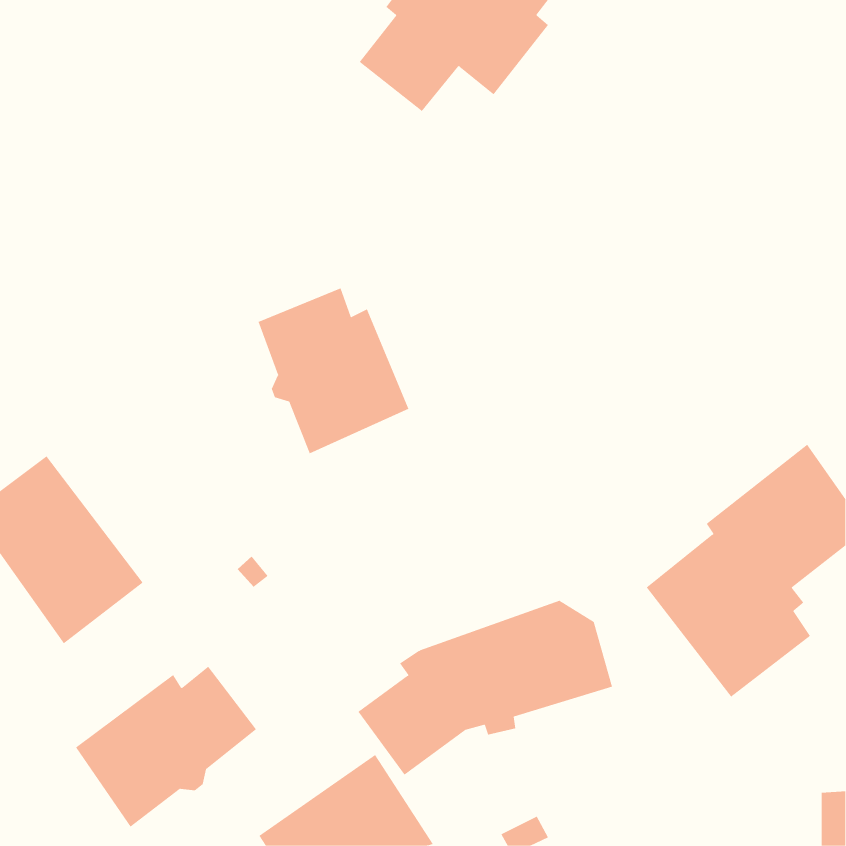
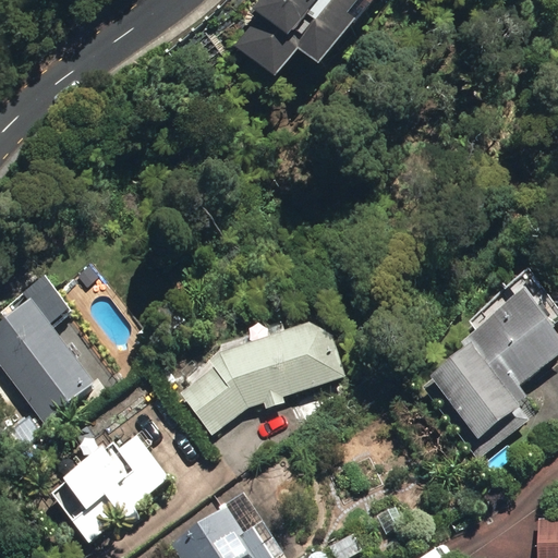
building: [258,288,409,454] -> none
building: [357,600,613,775] -> [179,318,345,433]

